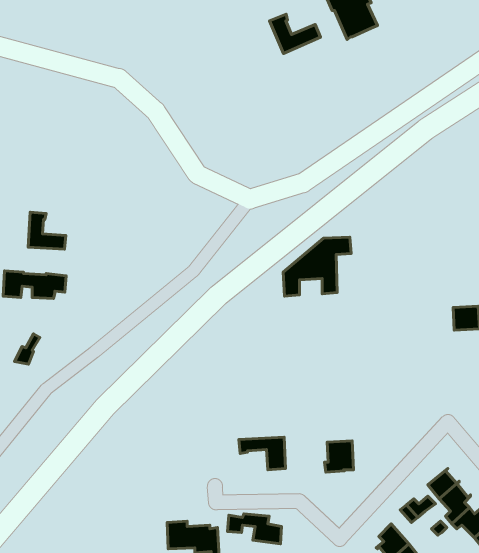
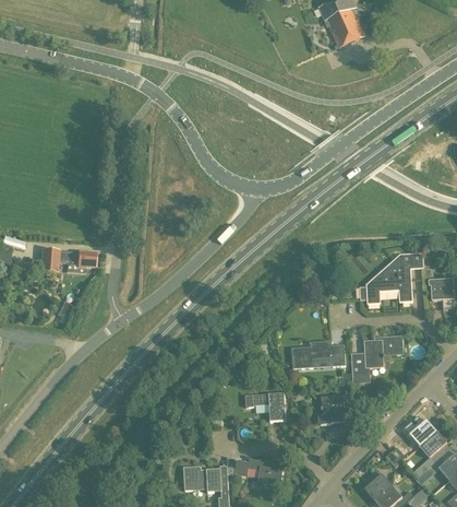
building: [270,14,320,53] -> none
building: [28,212,66,249] -> none
building: [283,237,351,296] -> [365,252,424,304]
building: none -> [351,334,404,382]
building: none -> [291,340,346,367]

